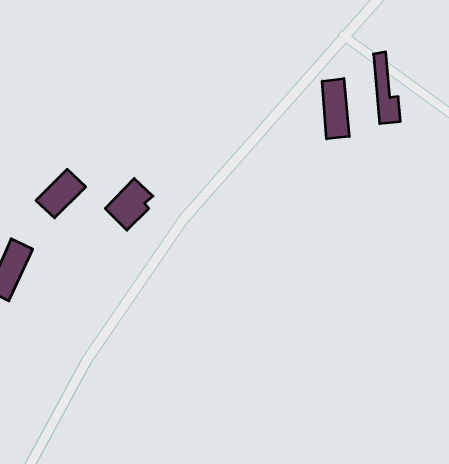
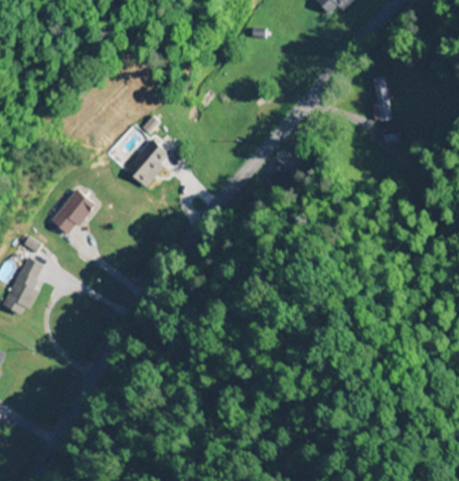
building: [322,78,349,139] -> none
building: [105,178,153,230] -> [124,138,170,188]

